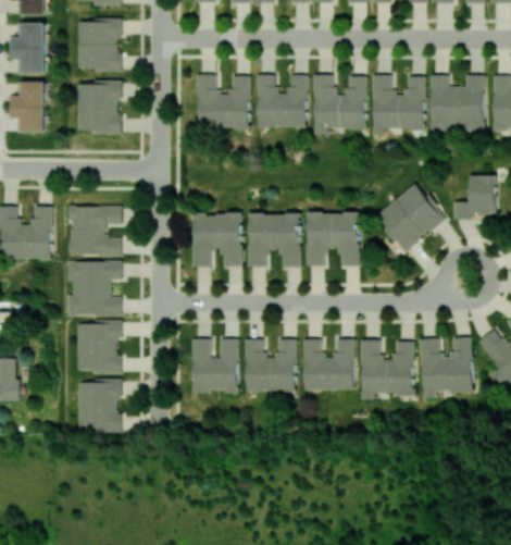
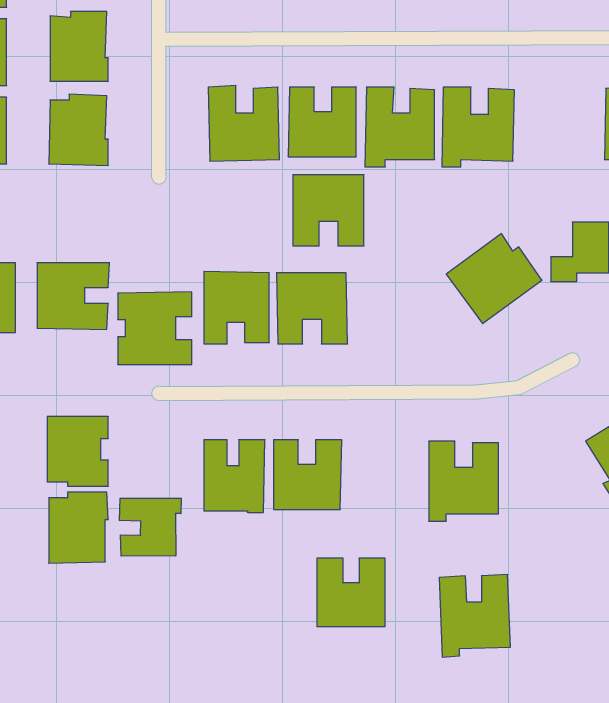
building: [431,74,486,131] -> none
building: [307,212,360,265] -> [293,175,364,246]
building: [66,260,122,314] -> [118,292,192,364]
building: [421,336,474,398] -> [439,575,510,657]
building: [303,338,354,389] -> [317,558,385,627]
building: none -> [120,498,181,556]

